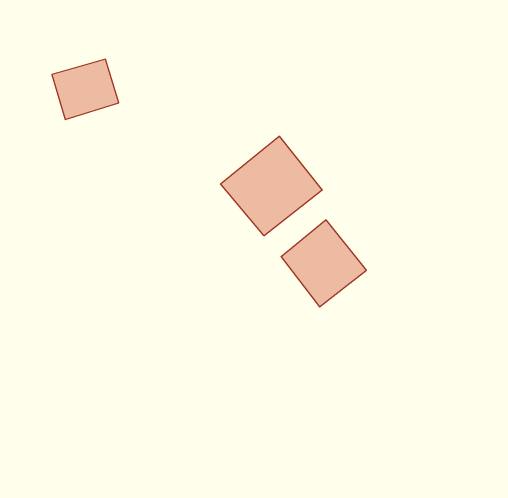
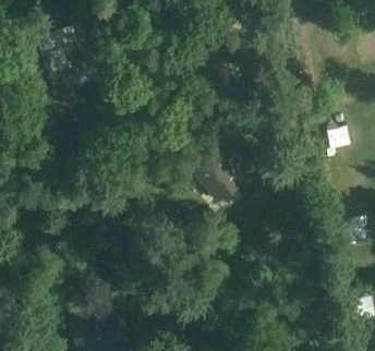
building: [221,136,322,236] -> none

